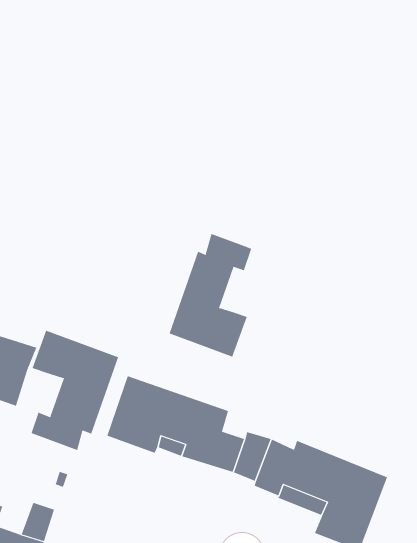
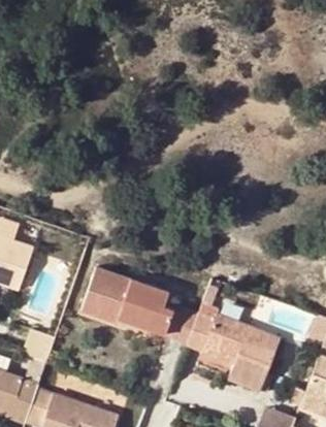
building: [169,233,252,357] -> none
building: [31,330,119,451] -> none

